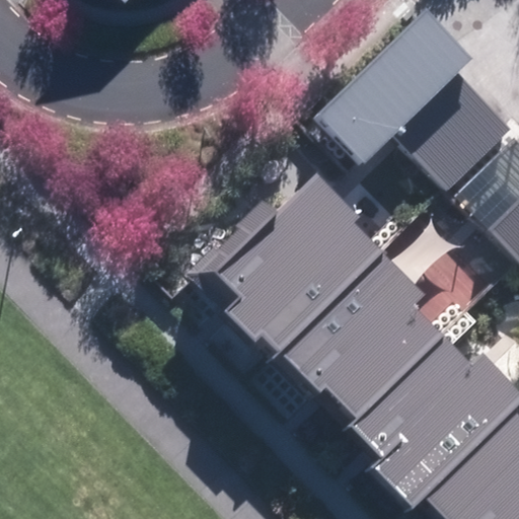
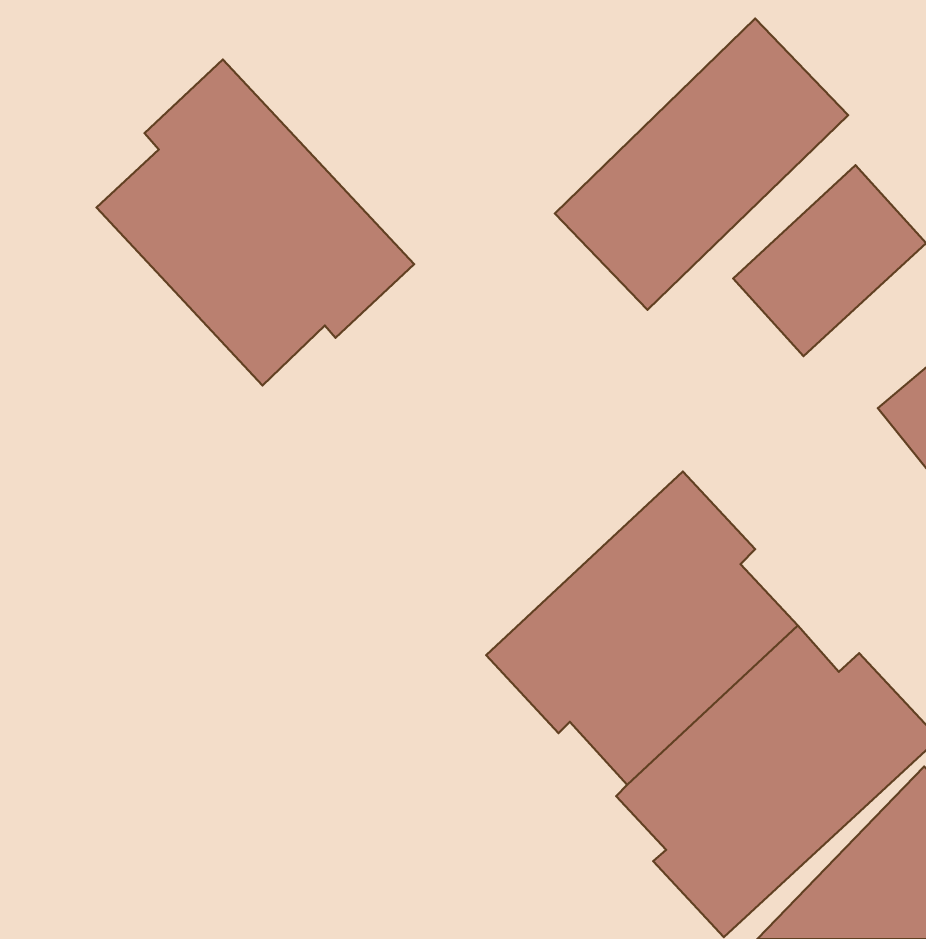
building: none -> [96,59,414,385]
building: [201,175,385,358] -> none

